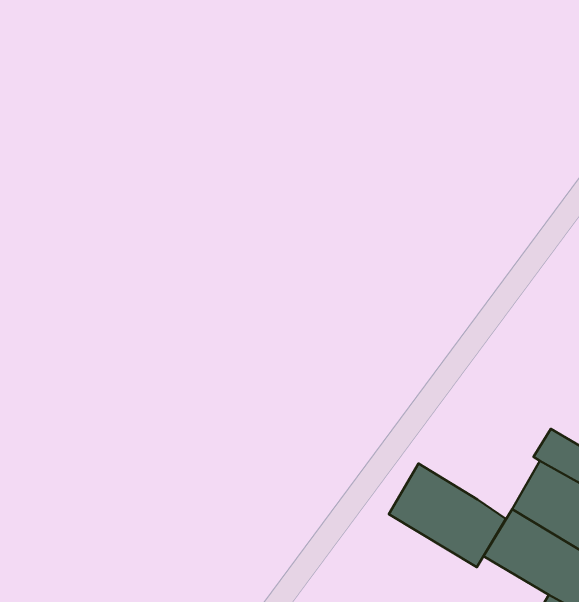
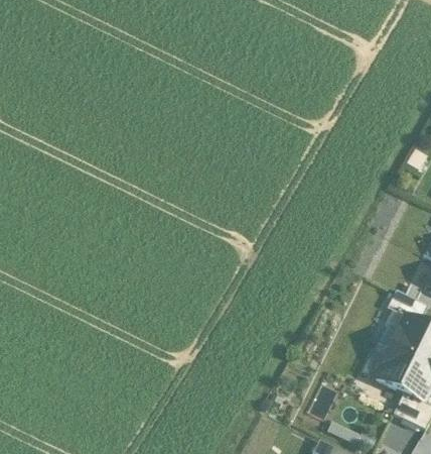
building: [389,463,506,567] -> none

